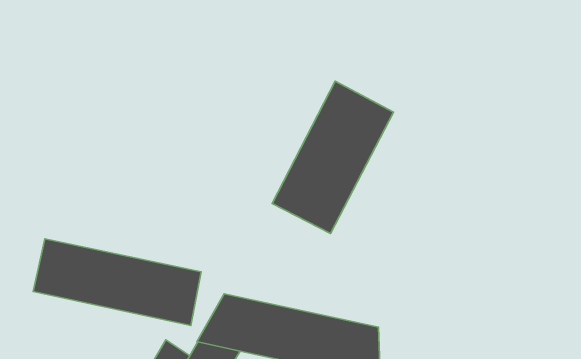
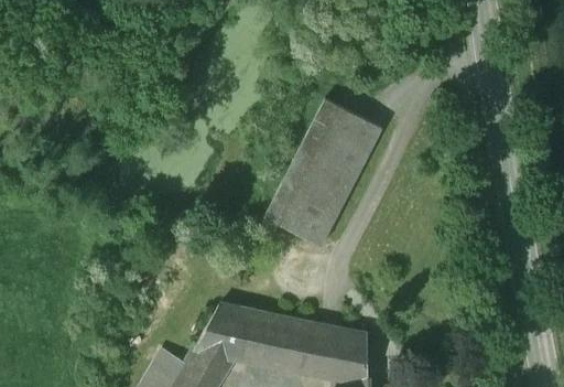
building: [33,239,201,325] -> none

